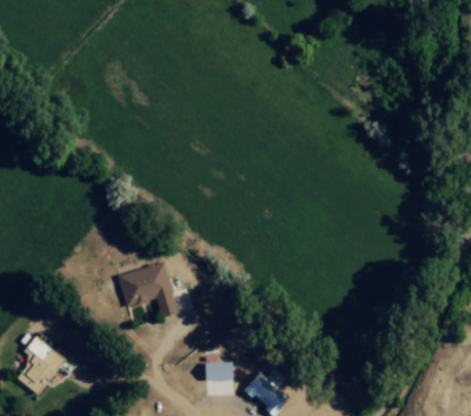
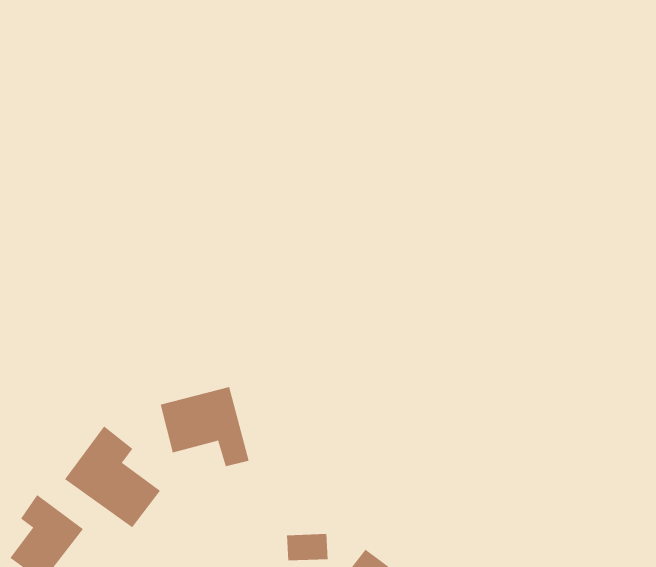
building: none -> [64,425,161,528]

